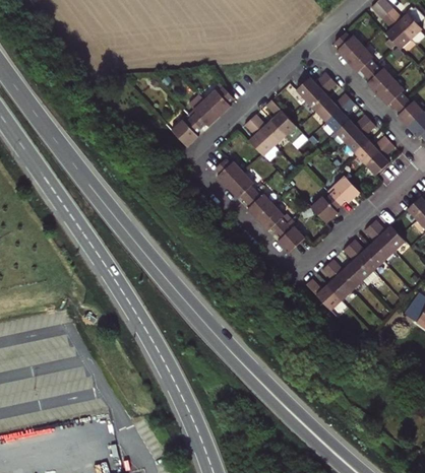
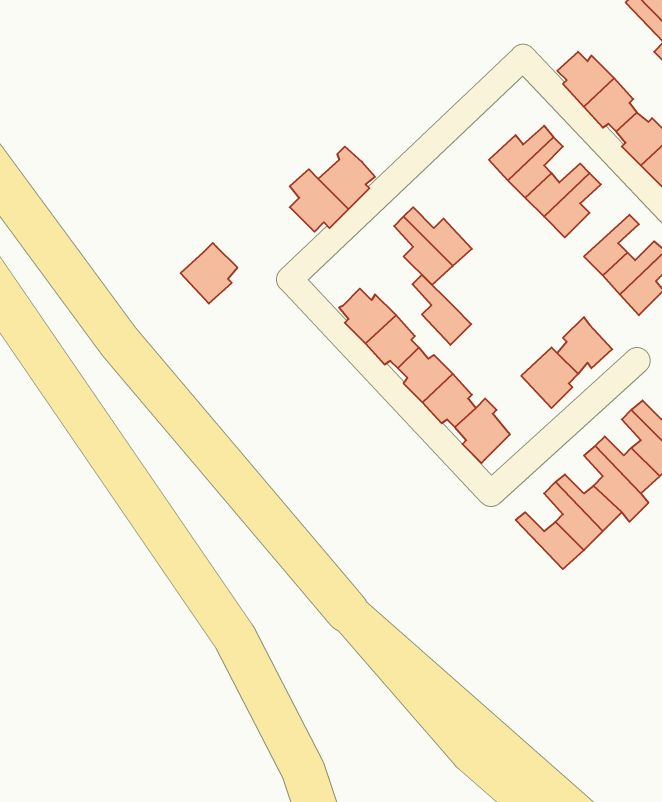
building: [265,103,297,140] -> [412,275,471,345]
building: [336,116,370,144] -> none
building: [171,118,201,150] -> [181,243,237,304]

